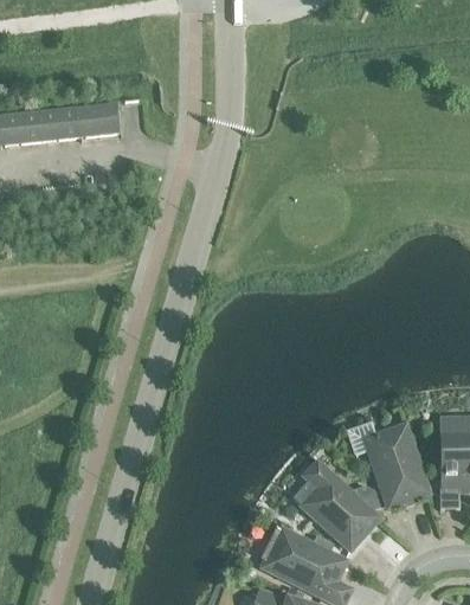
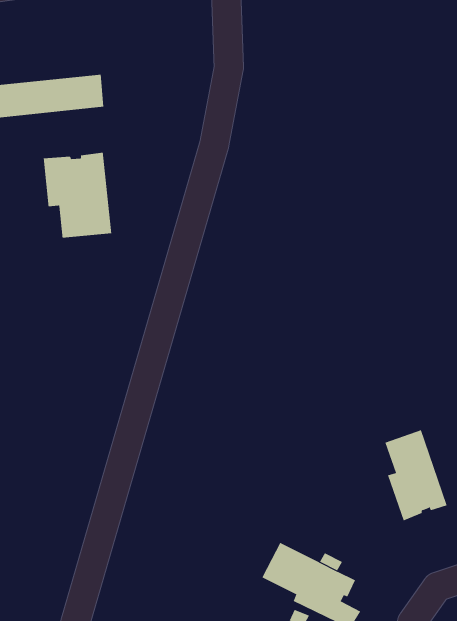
building: none -> [43,152,112,239]
building: [294,462,371,548] -> none

